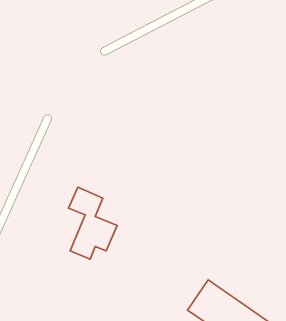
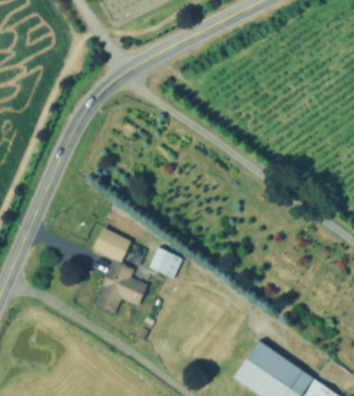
building: none -> [149,248,183,280]

